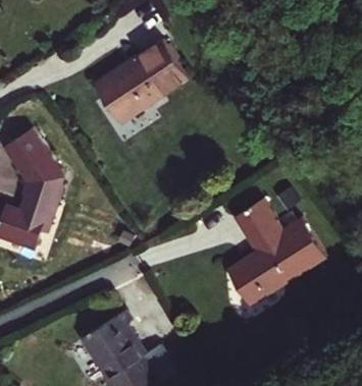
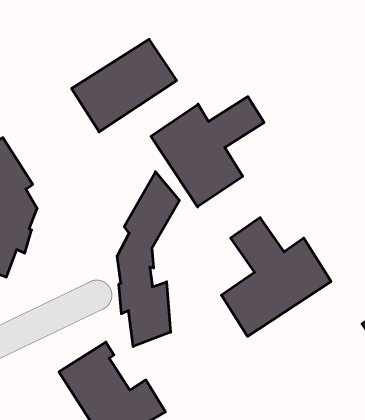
building: none -> [151,97,264,207]
building: none -> [117,172,179,347]

